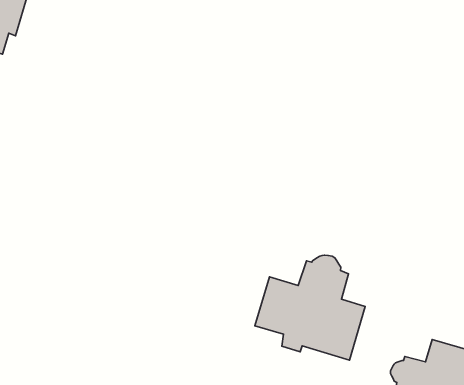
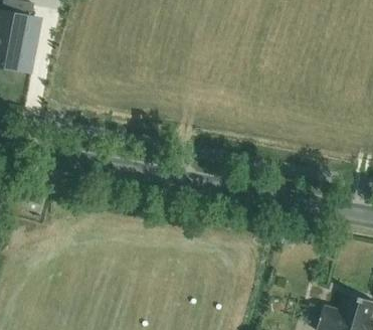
building: [255,255,365,360] -> none

